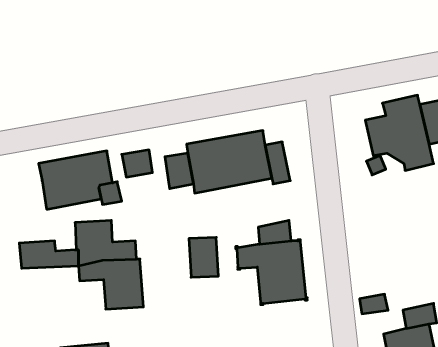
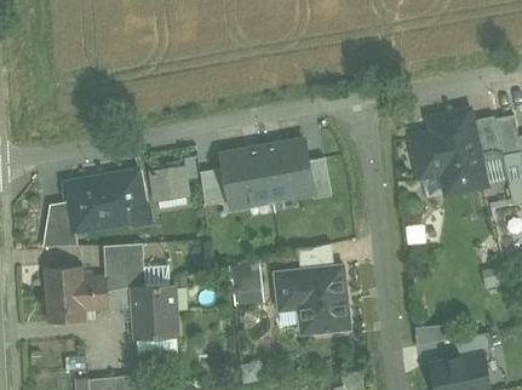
building: none -> [42,201,78,247]
building: none -> [47,292,109,322]

